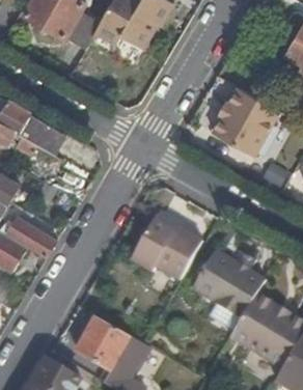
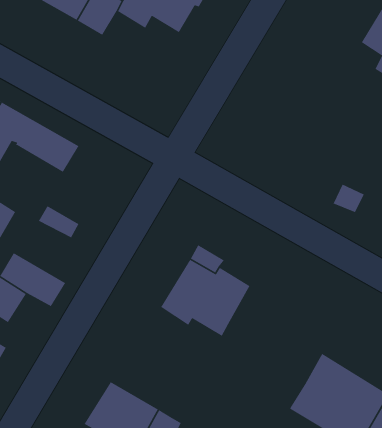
building: [213,88,279,156] -> none
building: [191,249,265,317] -> none

